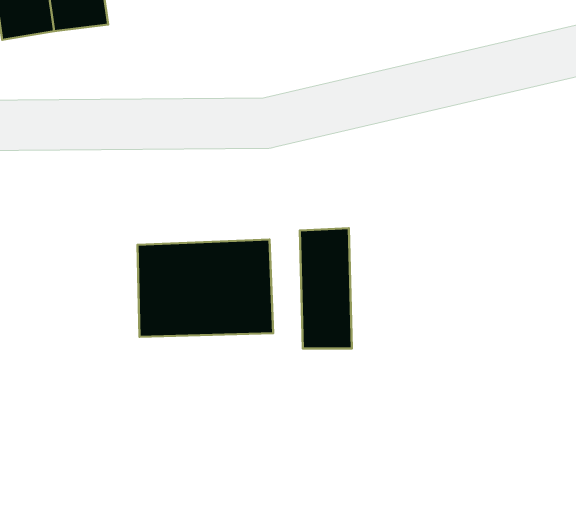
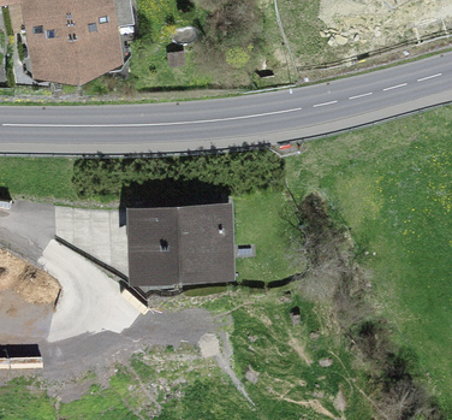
building: [300,228,352,348] -> none

